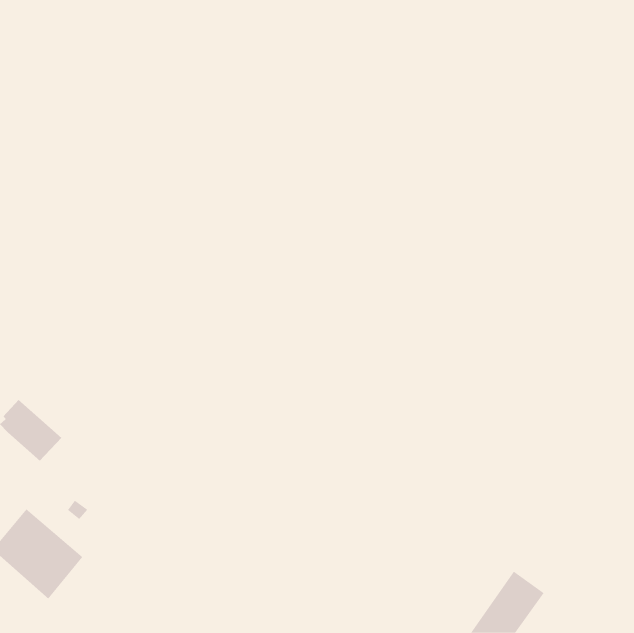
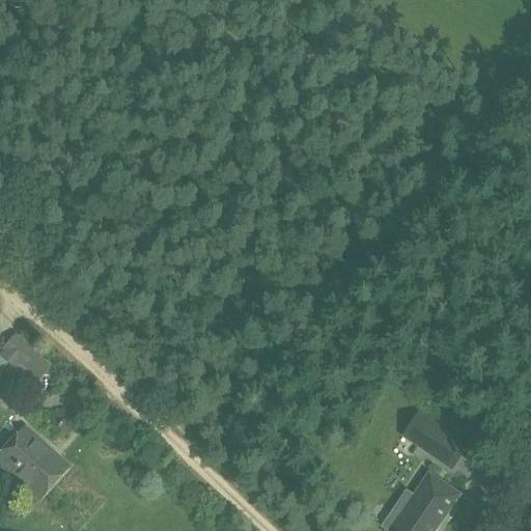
building: none -> [402,413,466,467]

